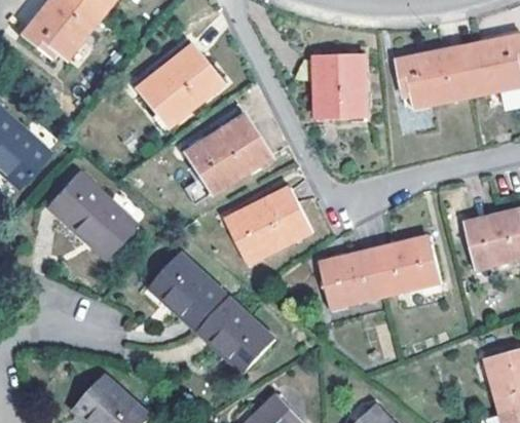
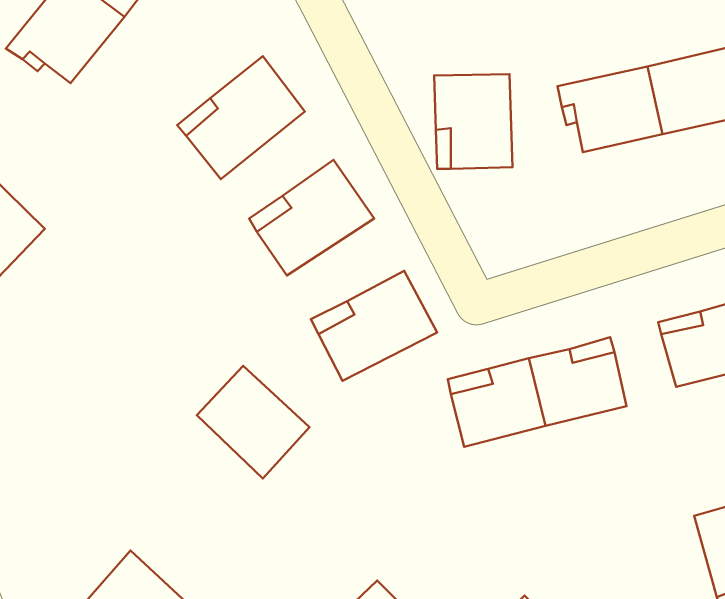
building: [48,174,136,260] -> none
building: [195,294,271,371] -> none

